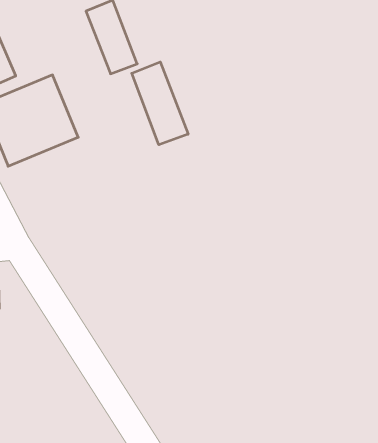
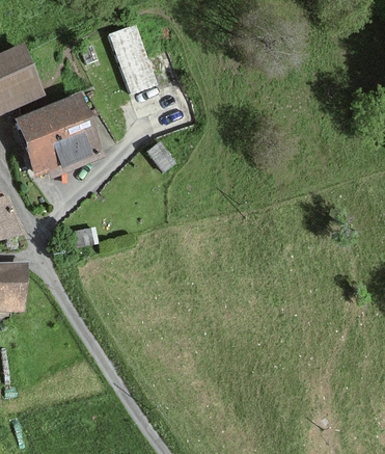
building: [132,62,188,145] -> none

